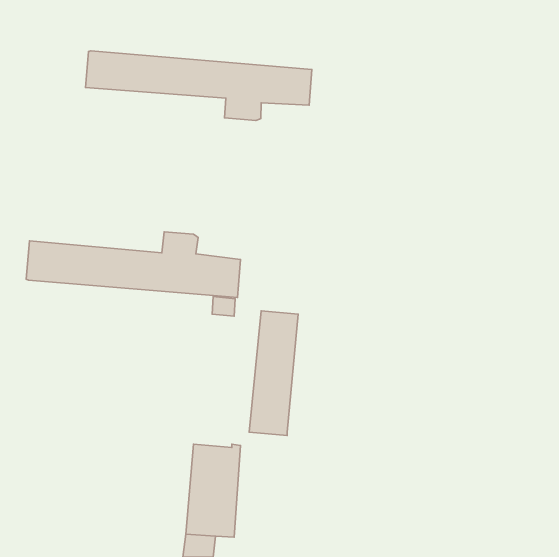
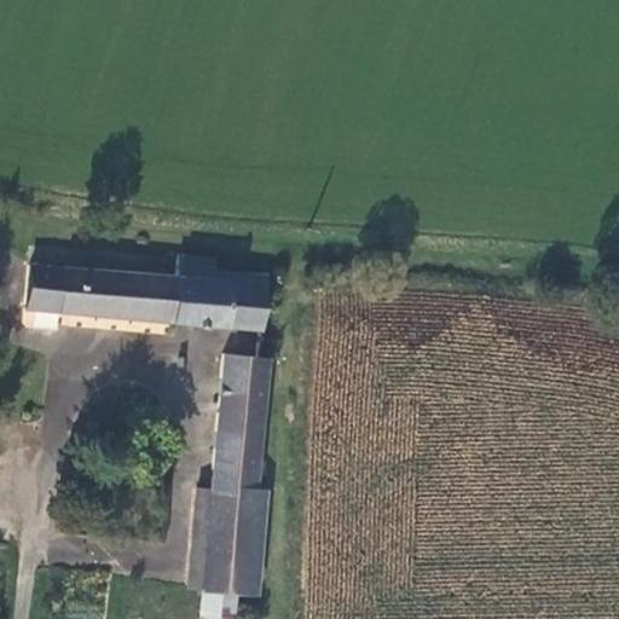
building: [85,51,312,121] -> none
building: [249,311,298,436] -> [214,357,268,494]

